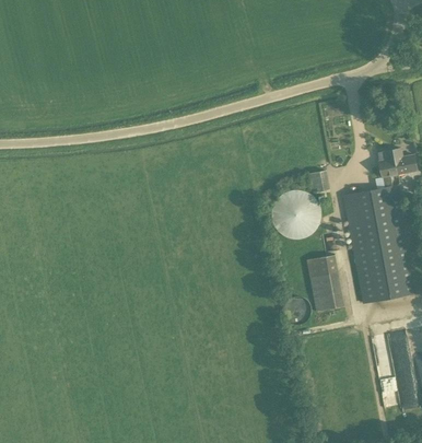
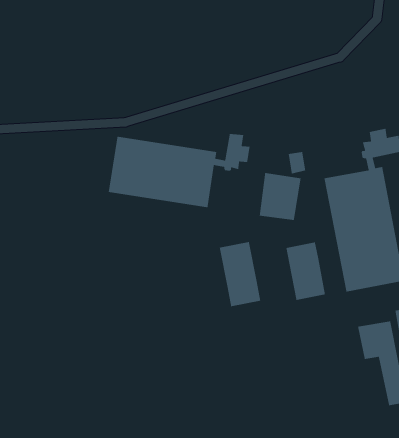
building: none -> [108,133,251,208]
building: none -> [219,241,261,307]

